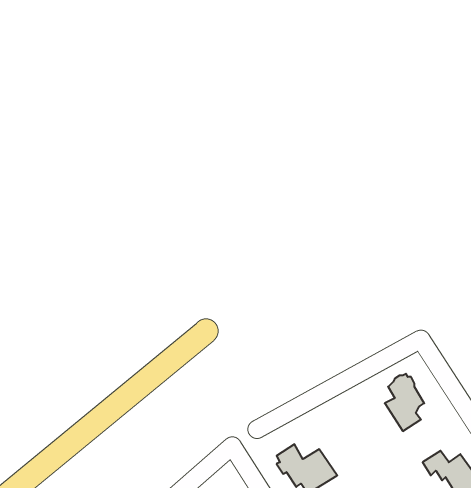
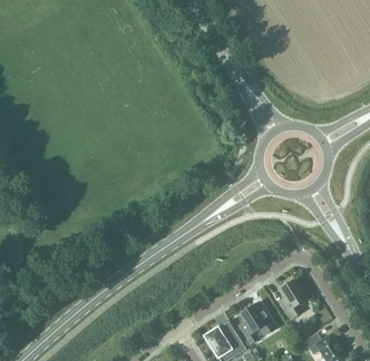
building: none -> [238,301,276,343]

